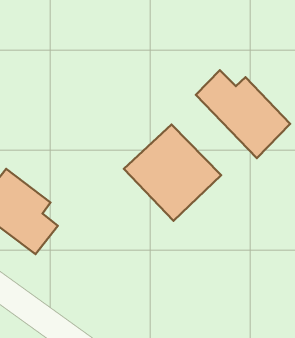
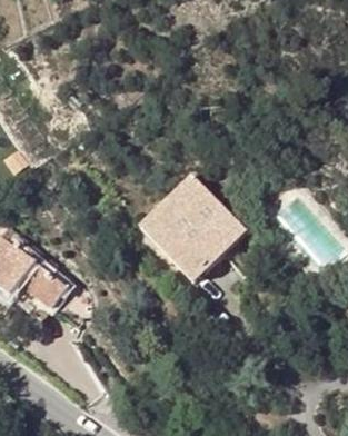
building: [196,70,290,158] -> none

